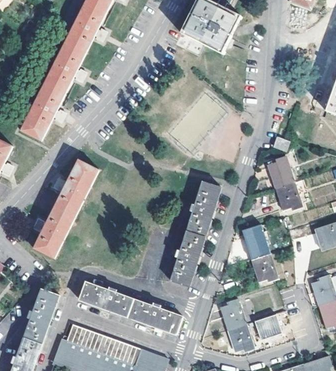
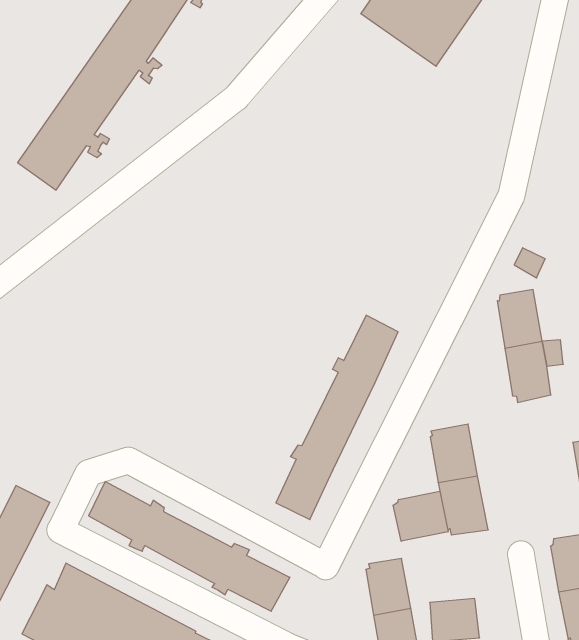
building: [32,159,98,258] -> none
building: none -> [393,491,448,541]

